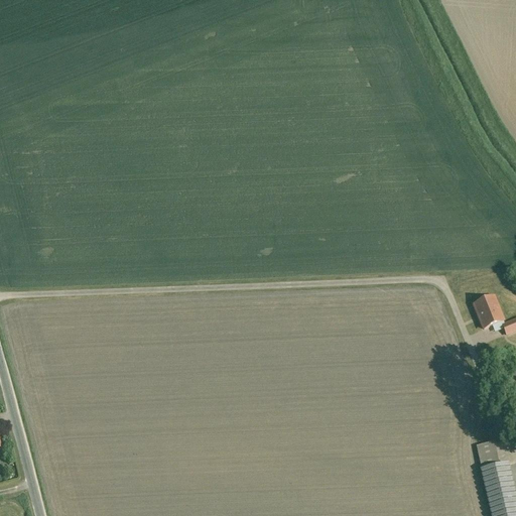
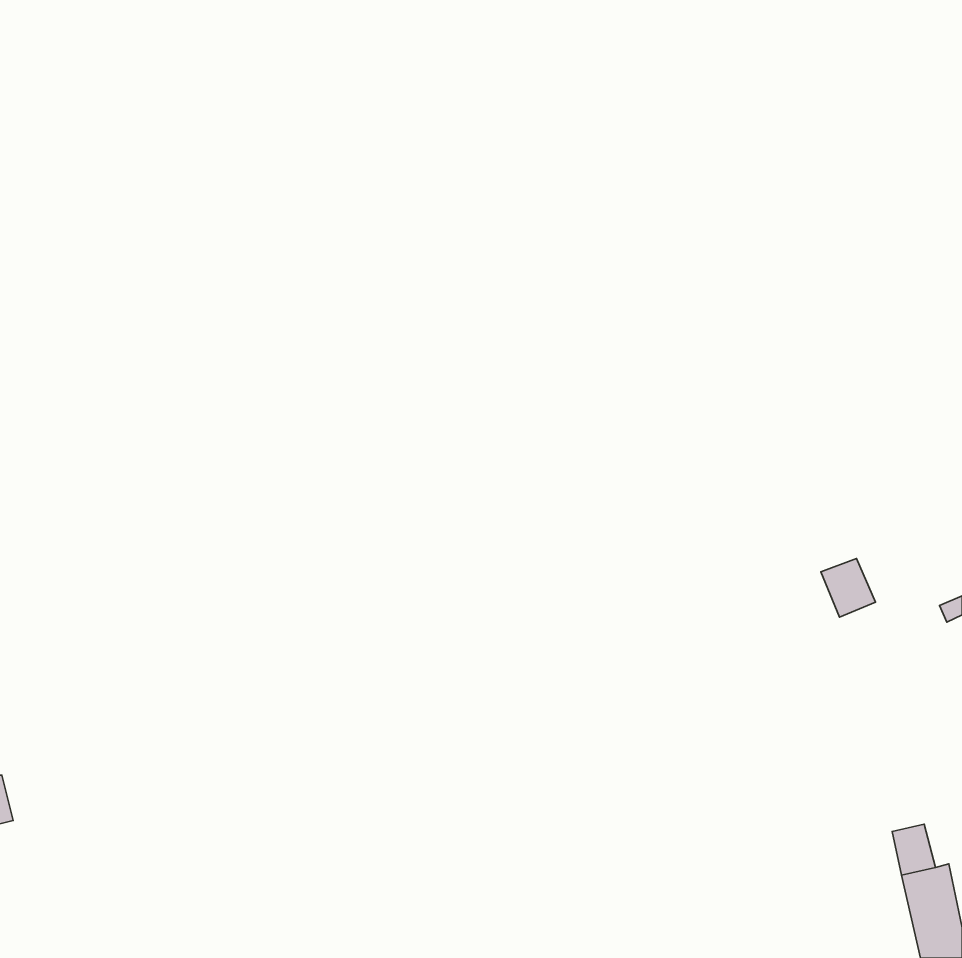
building: [474,296,503,328] -> [821,559,875,617]

